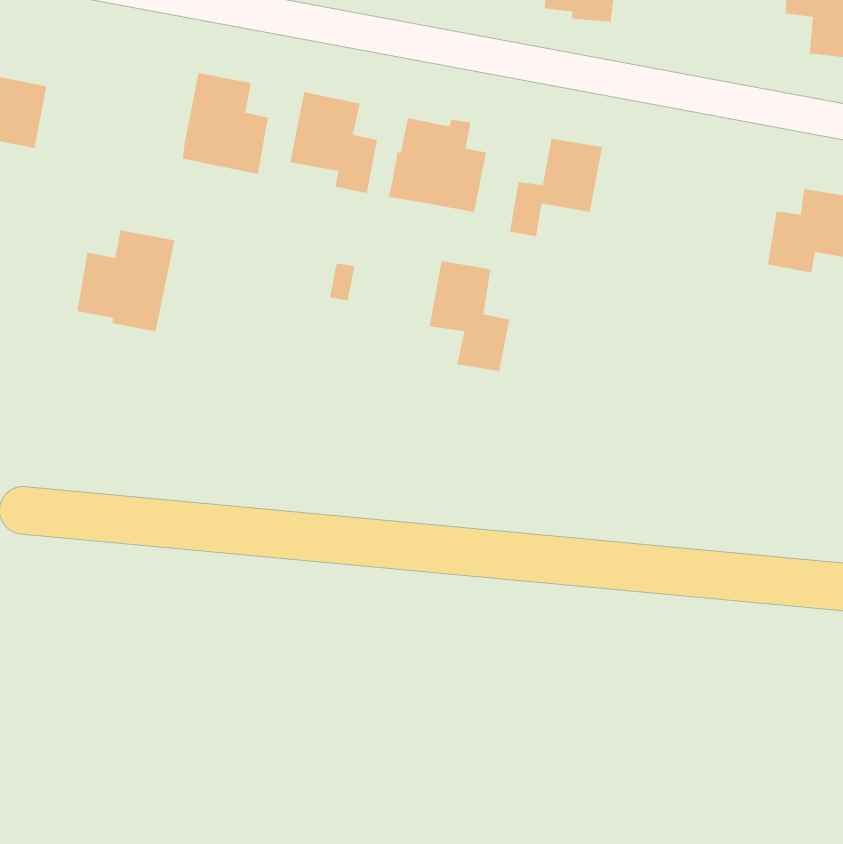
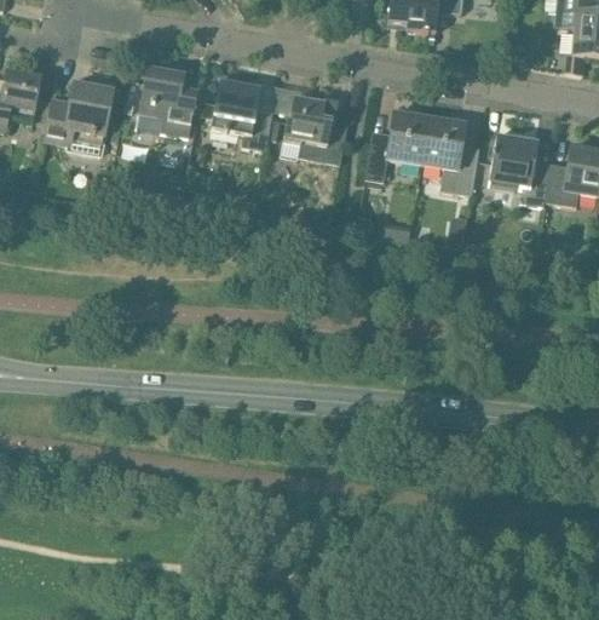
building: none -> [488,133,551,203]
building: [77,230,175,332] -> [45,80,114,151]
building: [429,261,510,371] -> [421,116,478,194]

